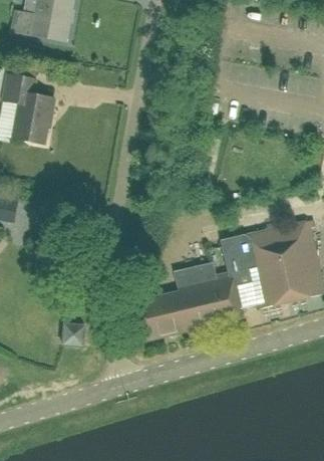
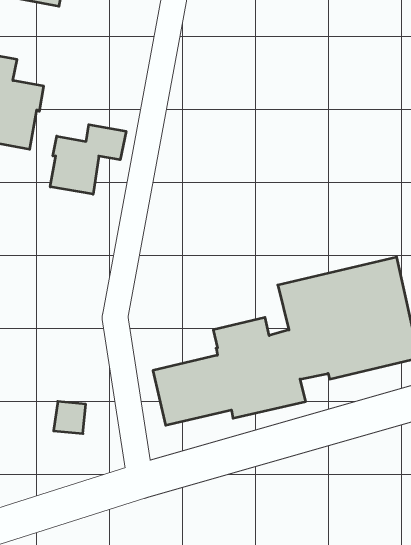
building: none -> [50,125,126,194]

